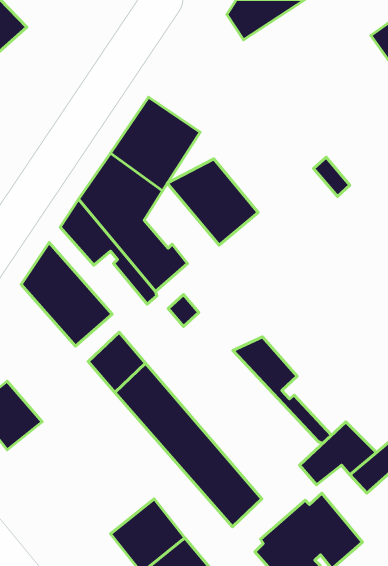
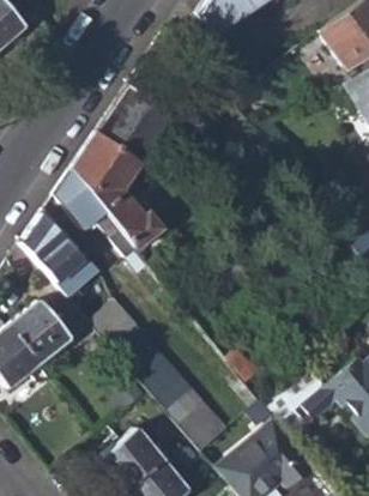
building: [167,159,258,245] -> none
building: [233,337,332,443] -> none
building: none -> [10,301,71,362]

